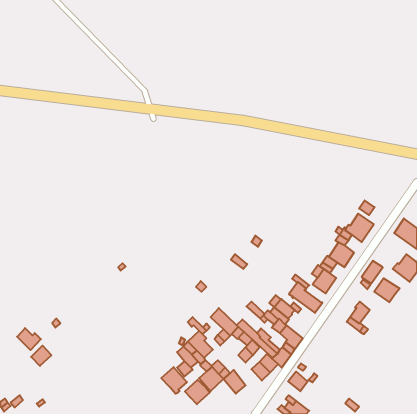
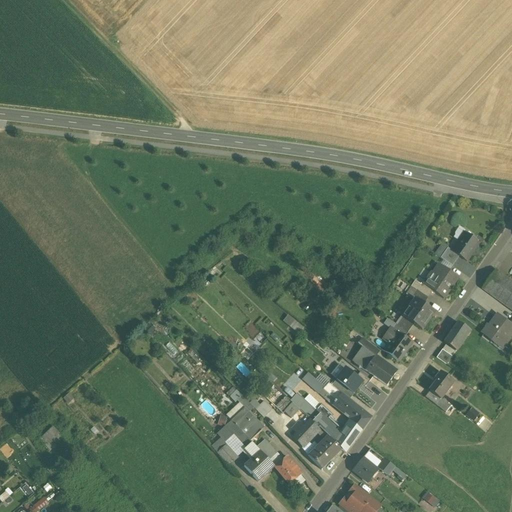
building: none -> [451,231,479,259]
building: [374,278,400,302] -> none
building: [17,328,41,350] -> none
building: [161,367,187,394] -> none
building: [185,380,210,404] -> none

